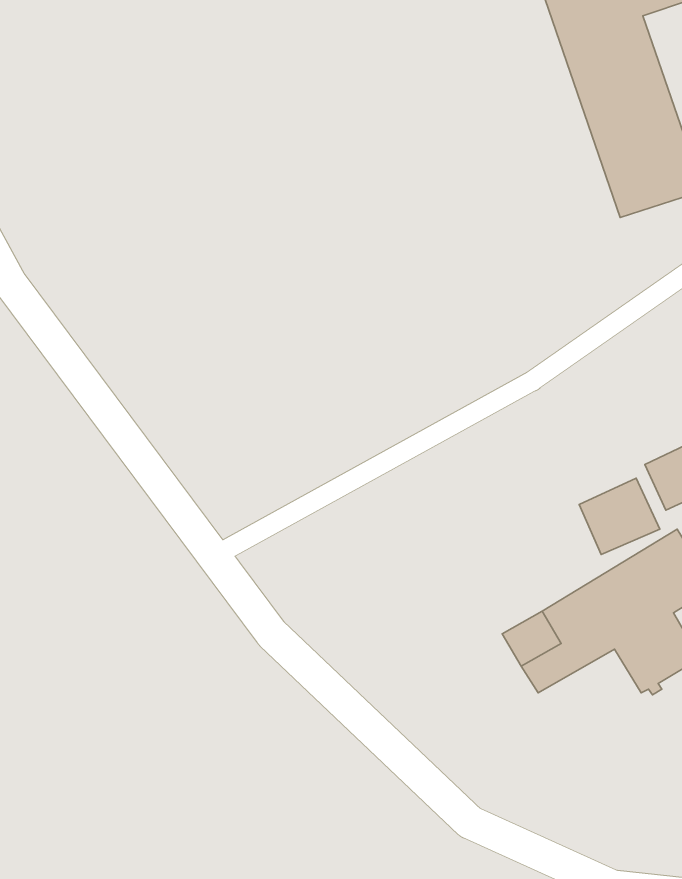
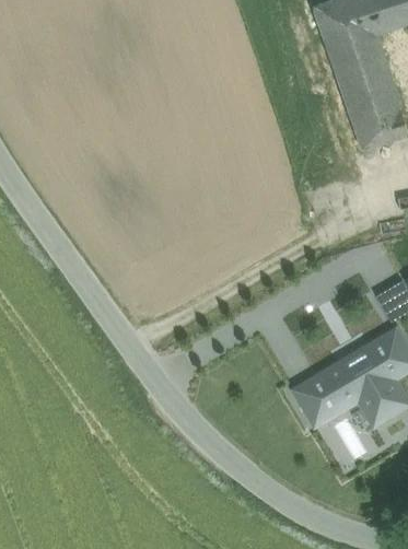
building: [579,478,660,555] -> none

